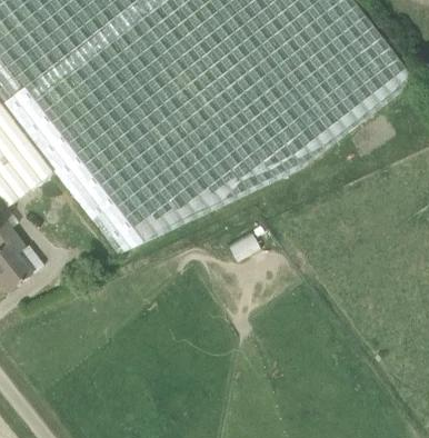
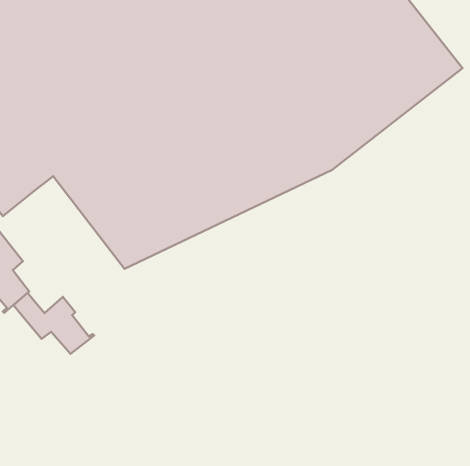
building: none -> [14,293,94,354]

